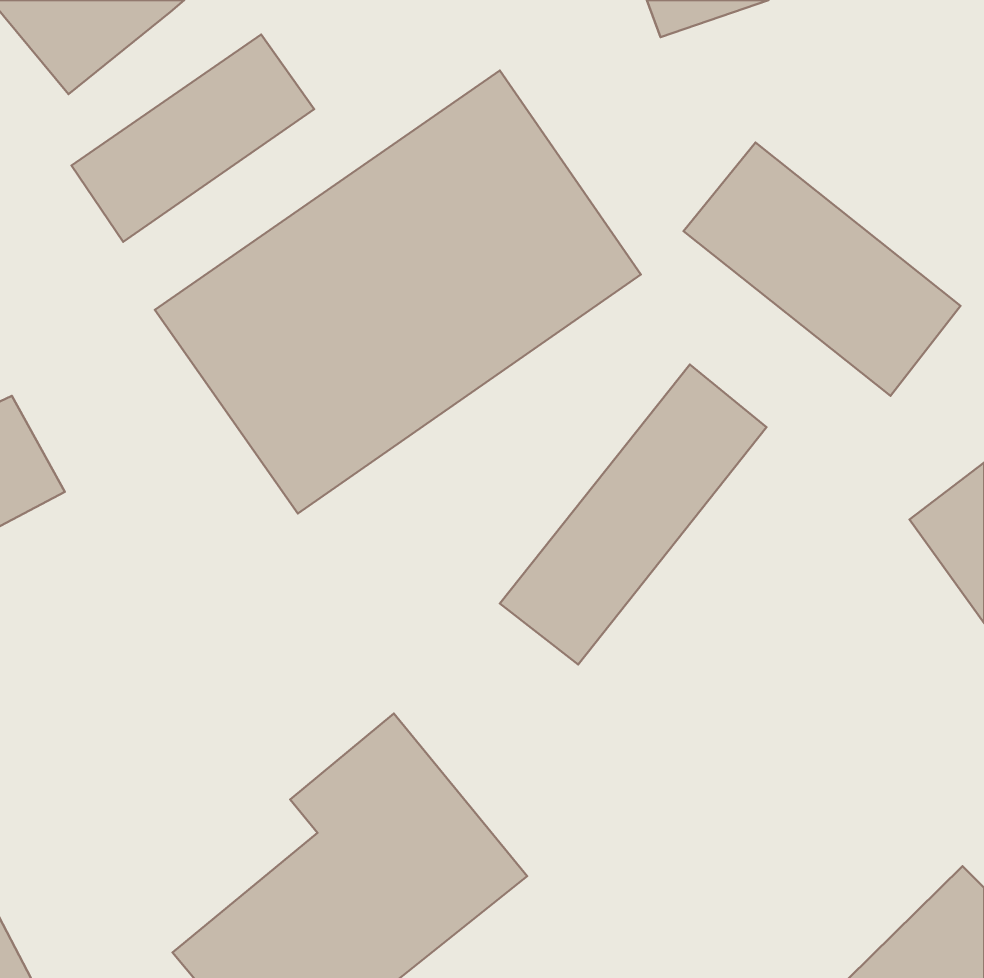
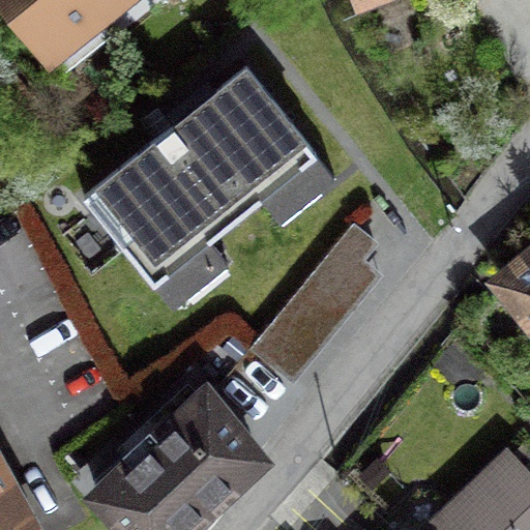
building: [72,35,314,242] -> none
building: [684,142,960,396] -> none

